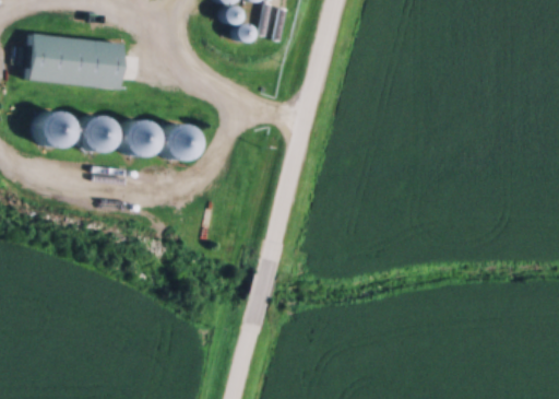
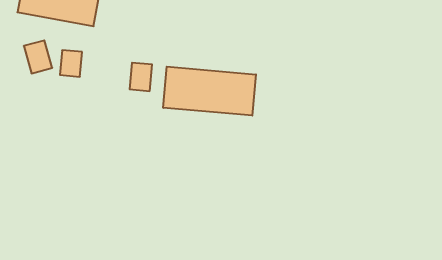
building: [131,121,153,156] -> none
building: none -> [163,67,256,116]

